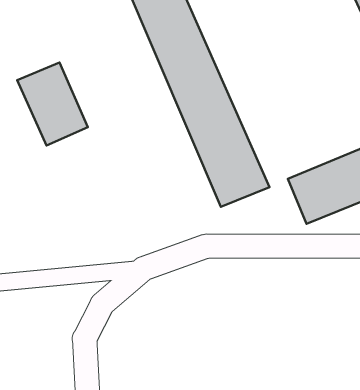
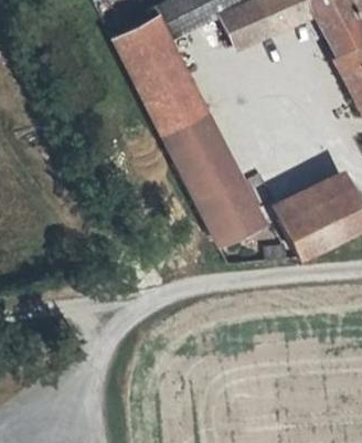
building: [17,63,88,145] -> none

